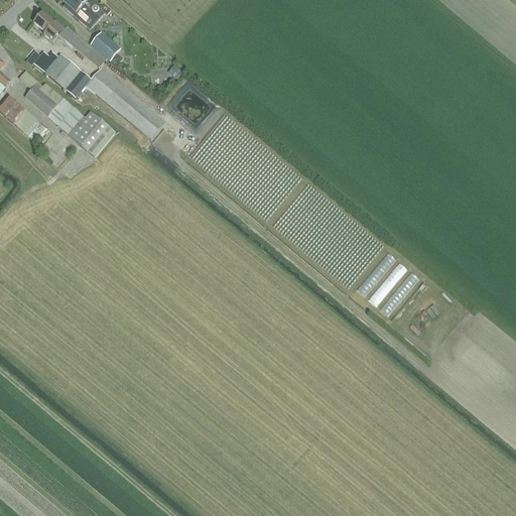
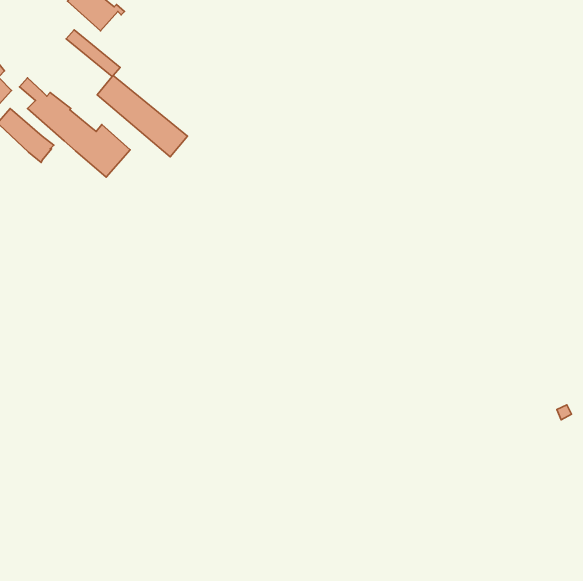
building: [33,11,62,40] -> none
building: [90,32,119,59] -> none
building: [35,50,91,97] -> none

